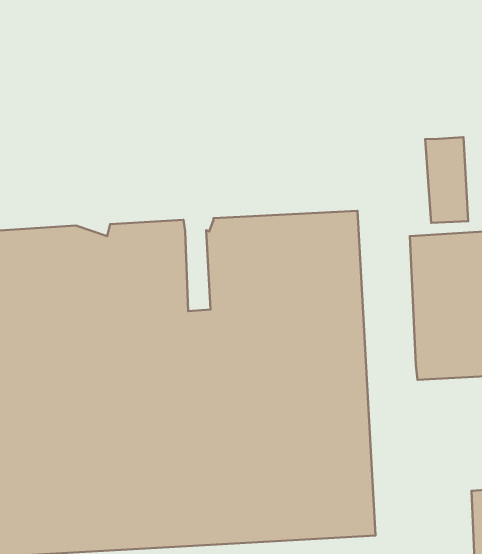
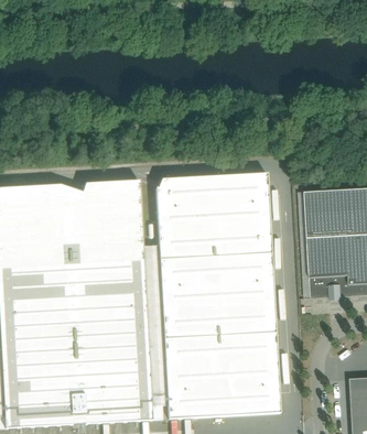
building: [425,137,468,223] -> none

